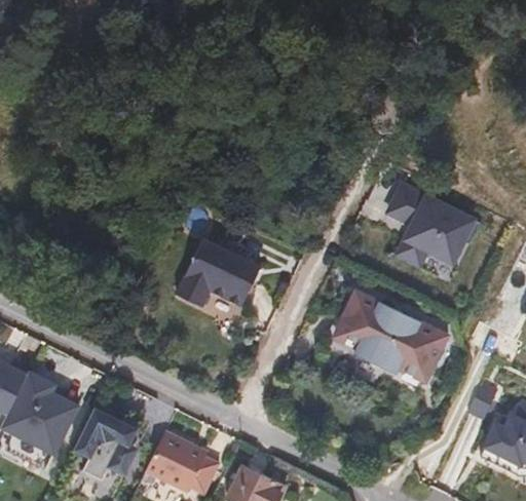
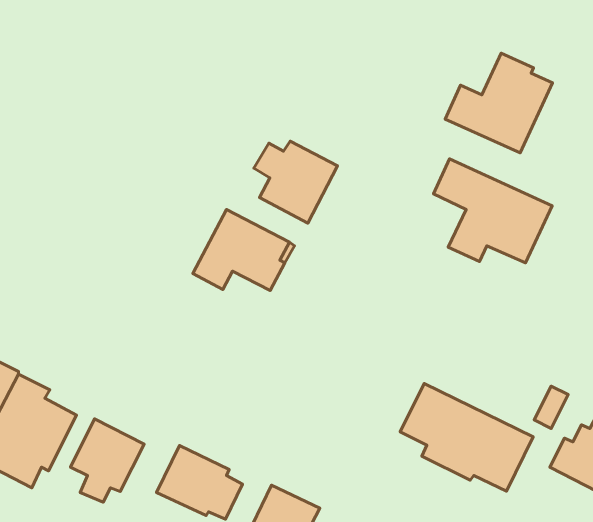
building: none -> [445,53,552,153]
building: none -> [254,141,338,223]
building: [336,291,449,382] -> [400,383,533,491]

